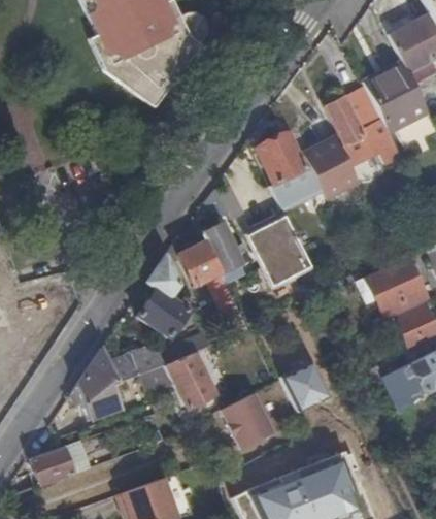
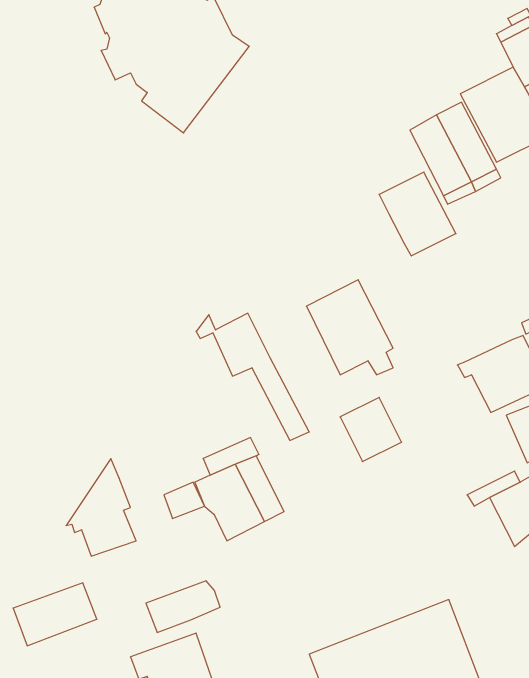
building: [255,134,318,209] -> none
building: [200,224,240,274] -> none
building: [137,255,188,340] -> none
building: [108,347,163,385] -> [146,581,220,632]
building: [286,363,331,411] -> [340,397,402,462]
building: [221,394,272,450] -> none

